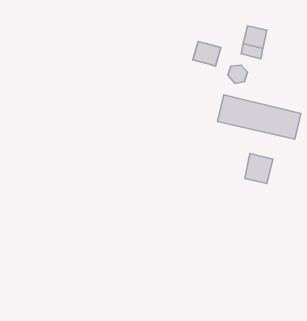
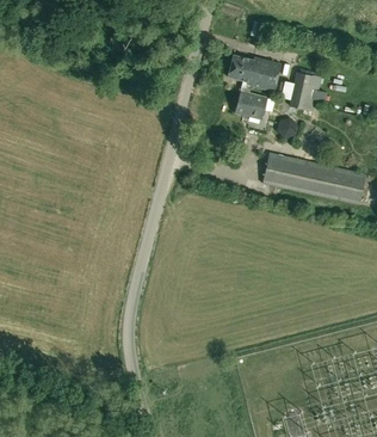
building: none -> [228,54,282,92]
building: [245,154,273,183] -> none

